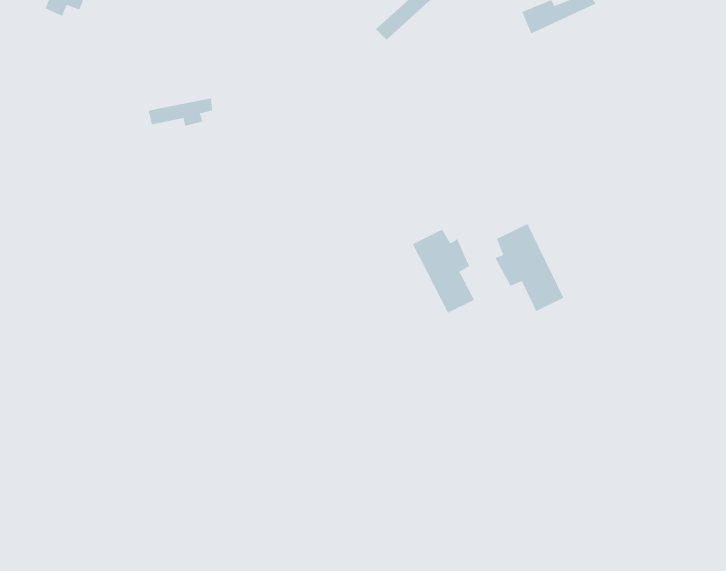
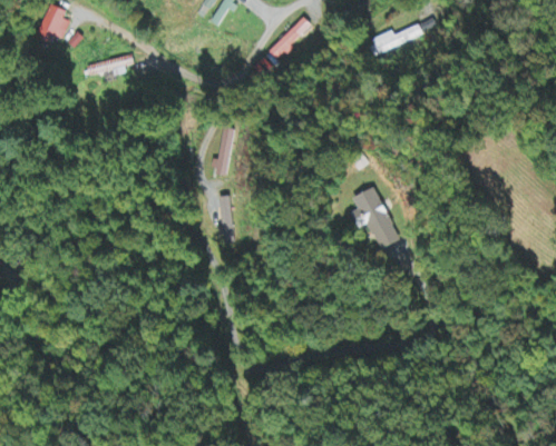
building: [148,98,213,126] -> [87,56,133,76]
building: [412,229,475,314] -> none

